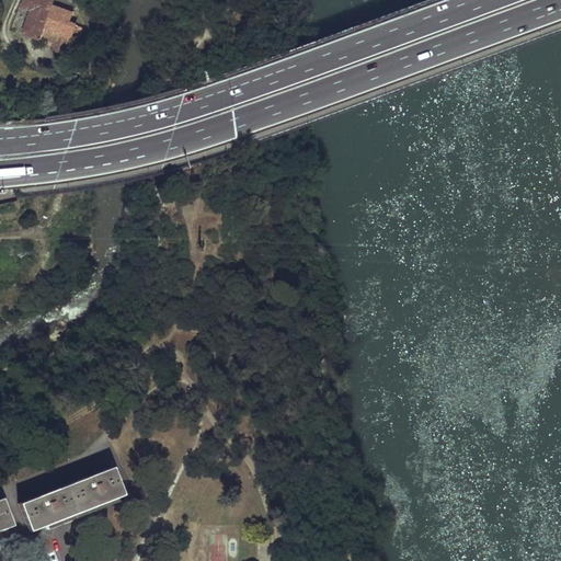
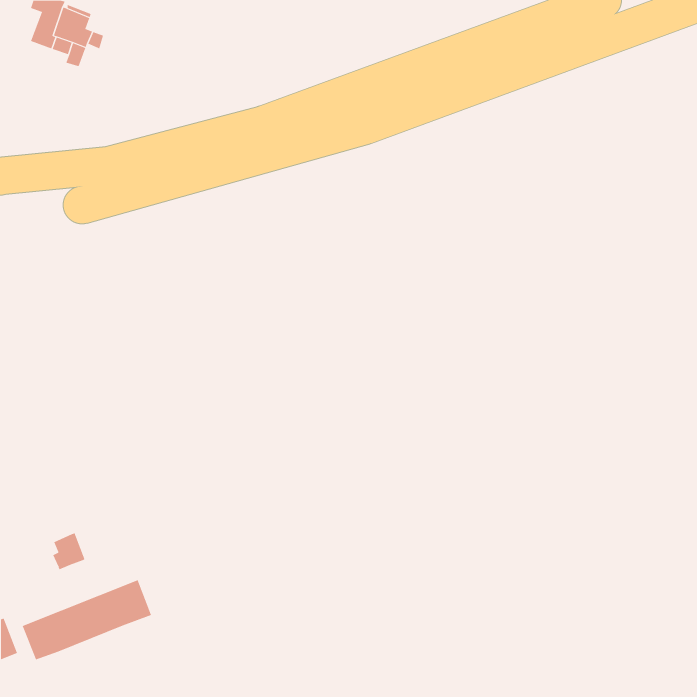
building: none -> [52,532,85,570]

